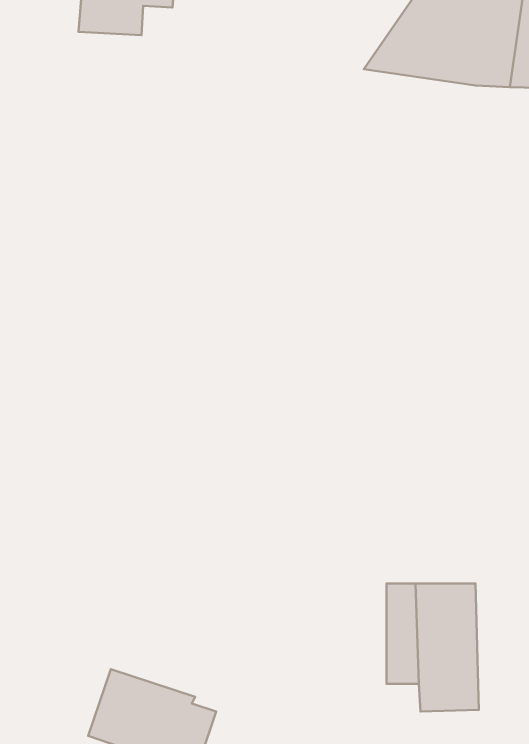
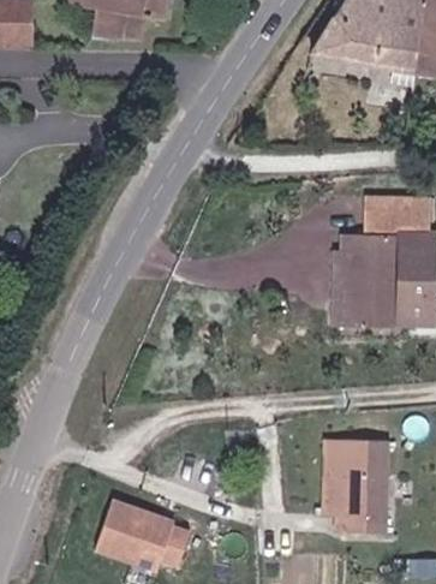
building: none -> [354,197,419,228]
building: none -> [344,236,422,326]

